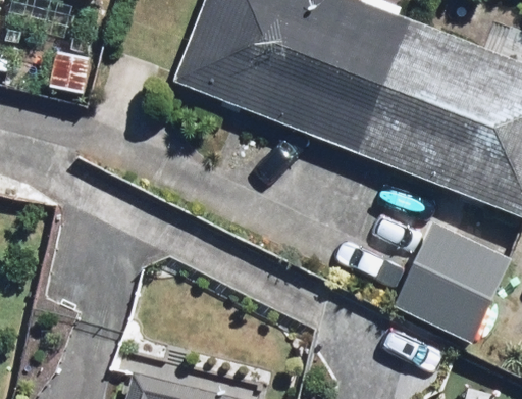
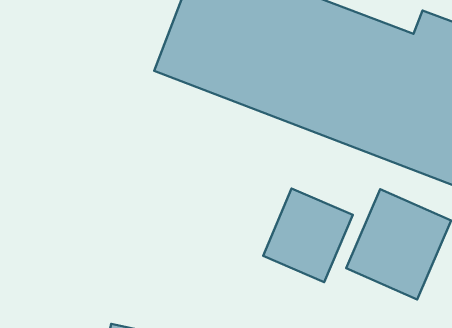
building: none -> [263,188,353,282]

